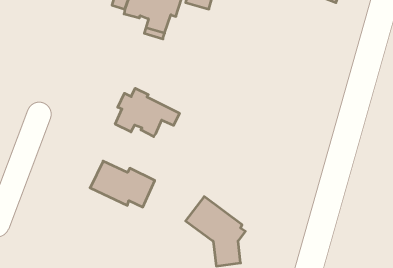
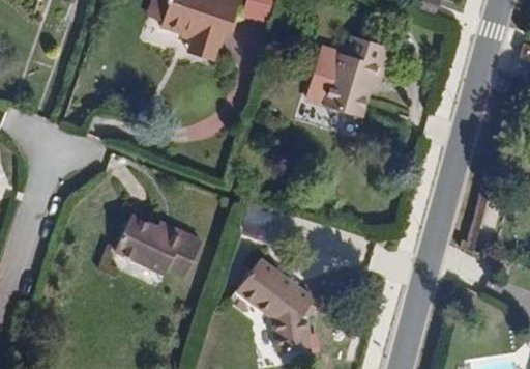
building: none -> [322,35,387,115]
building: [115,88,179,137] -> none

